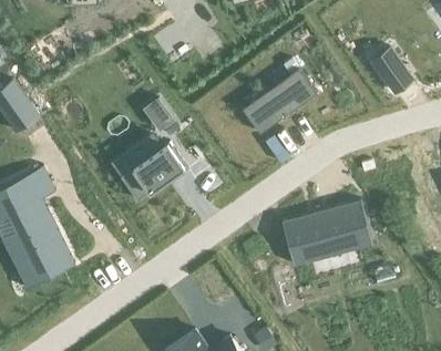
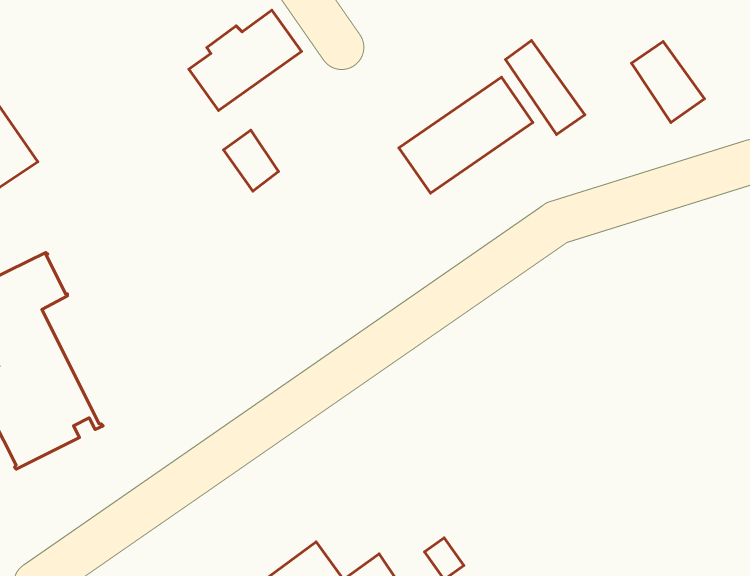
building: none -> [505,41,585,134]
building: [121,143,184,199] -> [189,10,301,110]
building: [283,199,372,265] -> none

